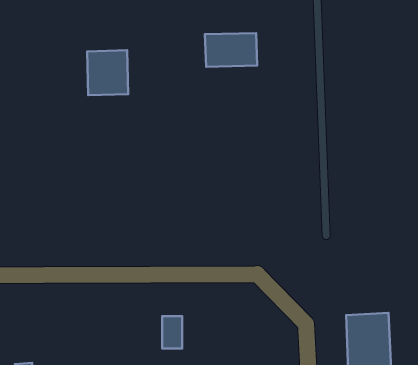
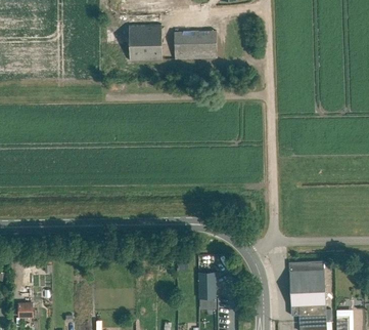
building: [87,50,128,95] -> [129,24,163,60]
building: [162,316,182,349] -> [199,271,216,297]

